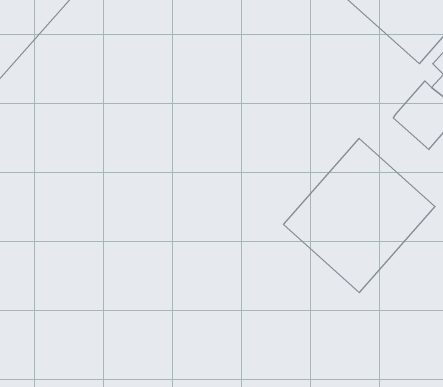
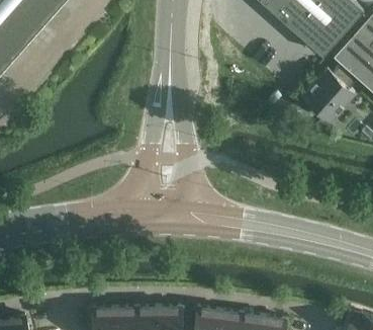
building: [284,138,435,293] -> none

